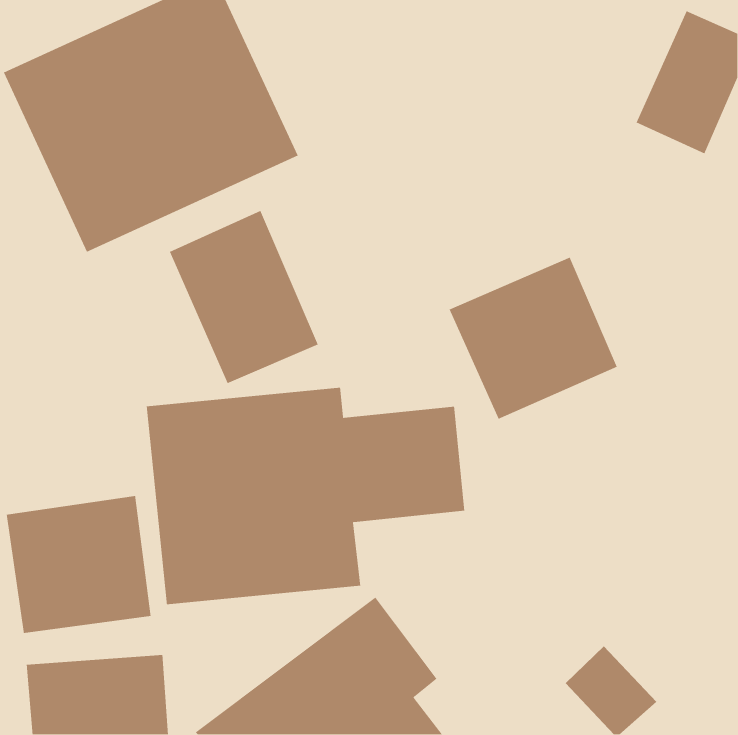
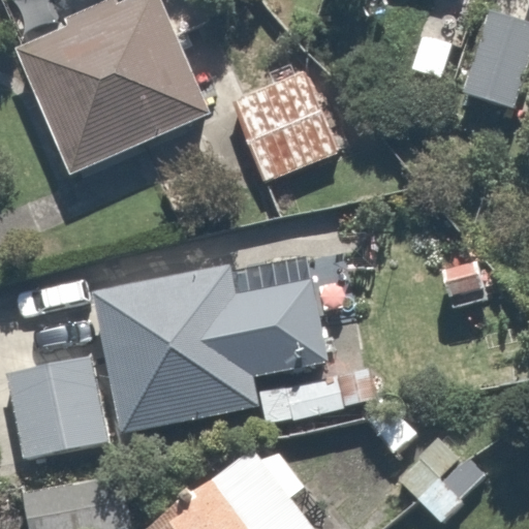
building: none -> [227,61,348,197]
building: [169,210,319,384] -> none
building: [448,257,618,420] -> none

